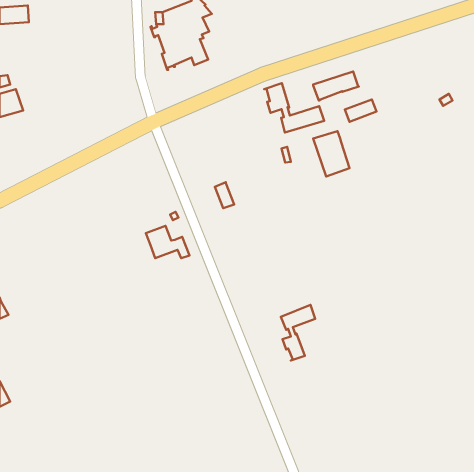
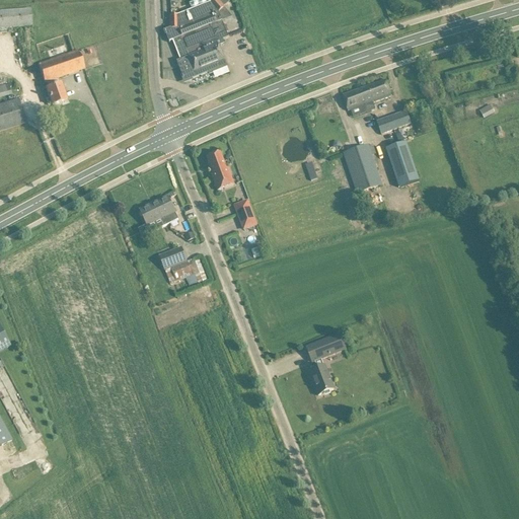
building: none -> [36,48,84,103]
building: [264,83,324,132] -> none
building: none -> [385,140,419,186]
building: none -> [206,150,233,189]
building: none -> [140,196,177,230]

